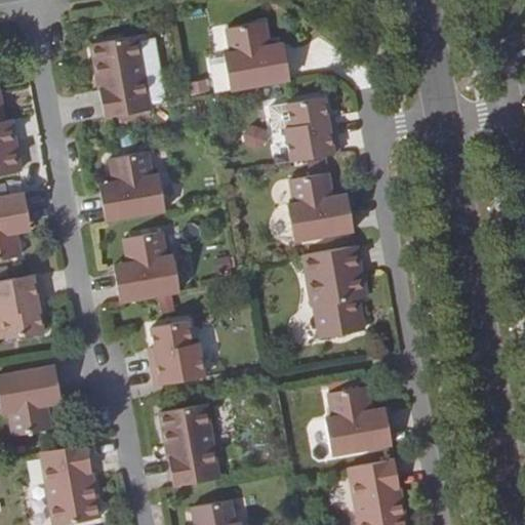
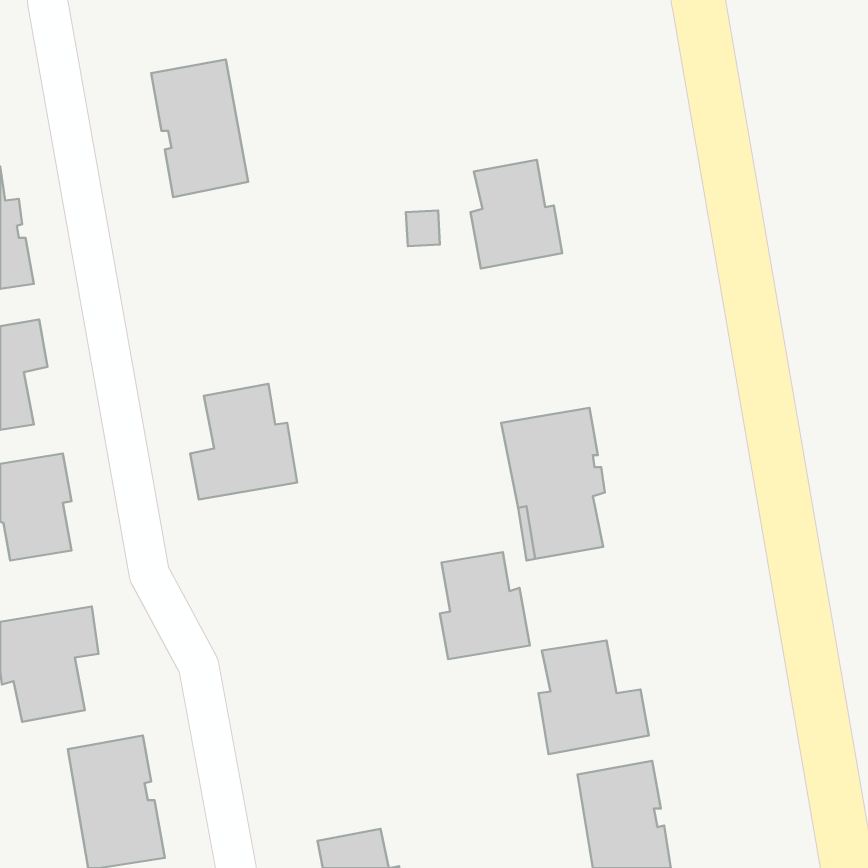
building: [224,23,290,90] -> none
building: [100,151,165,221] -> none
building: [287,173,354,241] -> none
building: [150,321,204,386] -> [440,552,530,659]
building: [160,404,218,486] -> none

